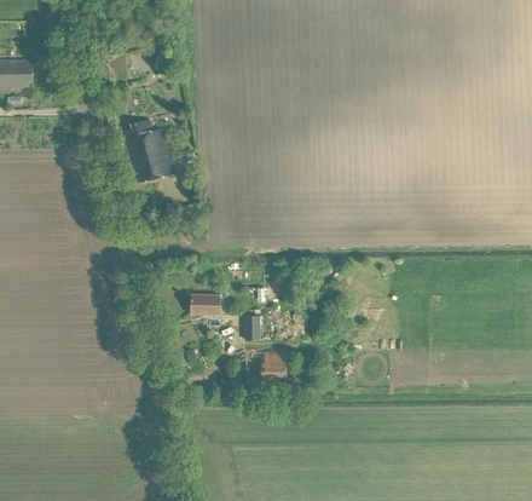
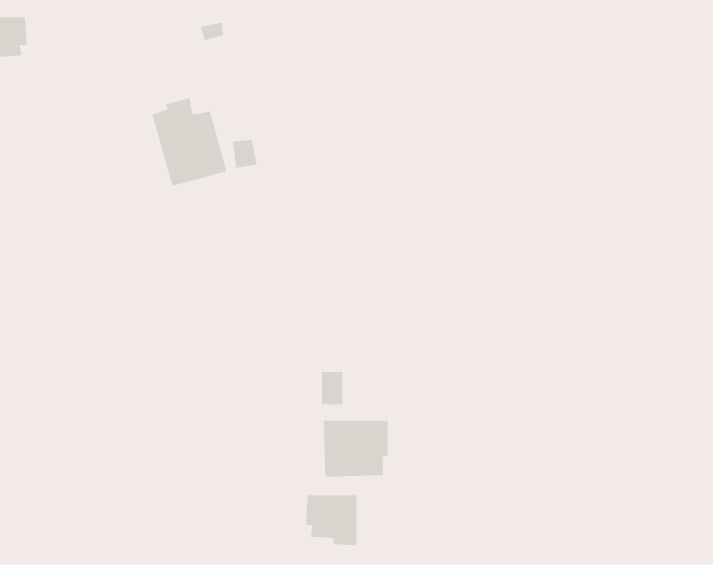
building: [190,294,219,315] -> none
building: none -> [306,494,357,546]

